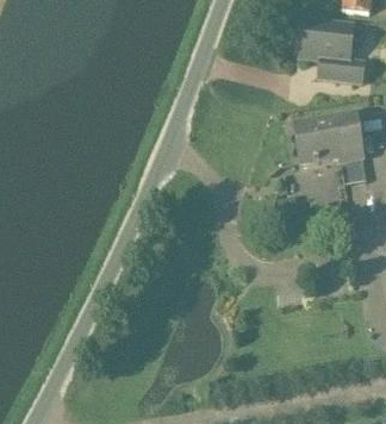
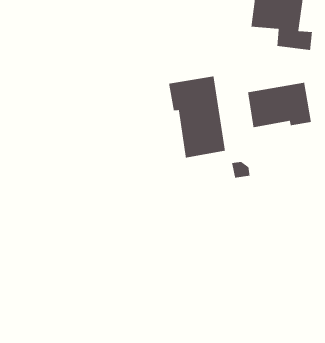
building: none -> [168,76,226,158]

